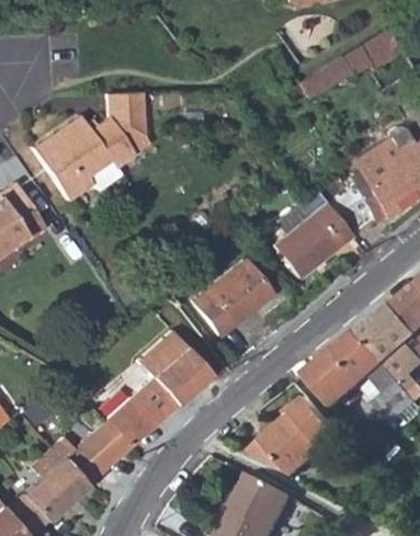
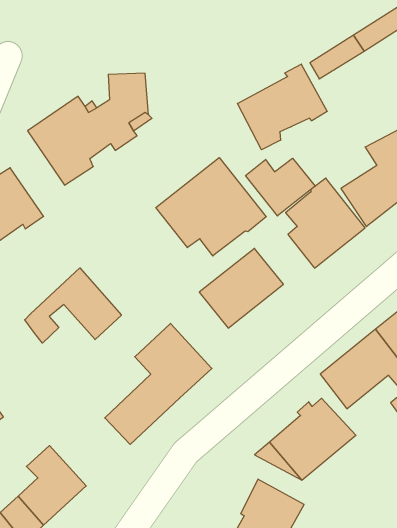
building: none -> [237,64,327,150]
building: none -> [156,158,266,256]
building: none -> [246,158,315,216]
building: none -> [25,268,121,343]
building: [53,419,129,483] -> none

